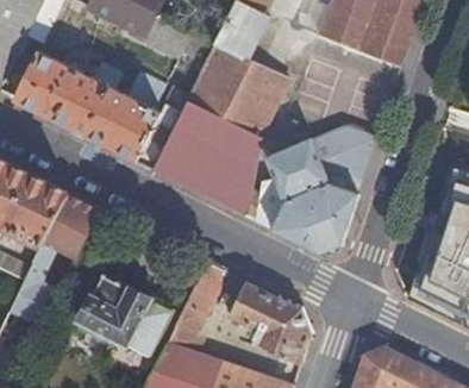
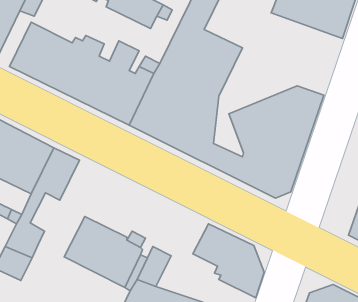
building: [183,261,227,319] -> none

